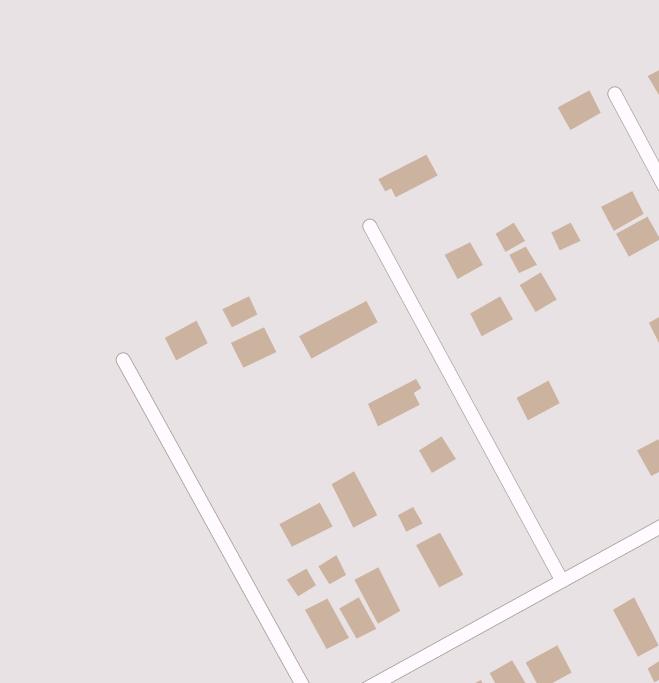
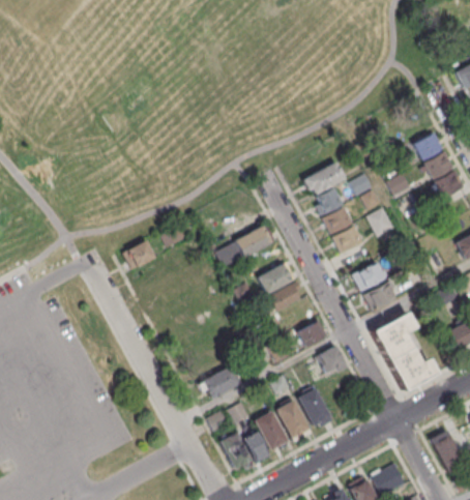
building: [557,89,602,131] -> [412,131,443,160]
building: [377,153,439,199] -> [302,163,345,194]
building: none -> [323,205,354,234]
building: [230,326,277,369] -> none
building: none -> [353,261,385,290]
building: none -> [259,263,293,293]
building: none -> [373,313,436,389]
building: [330,470,378,529] -> [275,399,309,439]
building: none -> [318,346,347,376]

